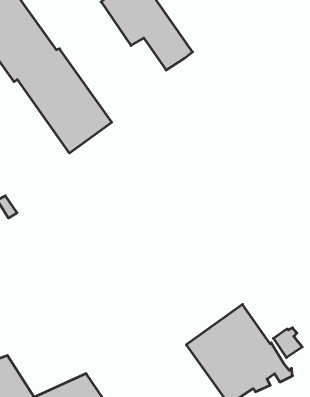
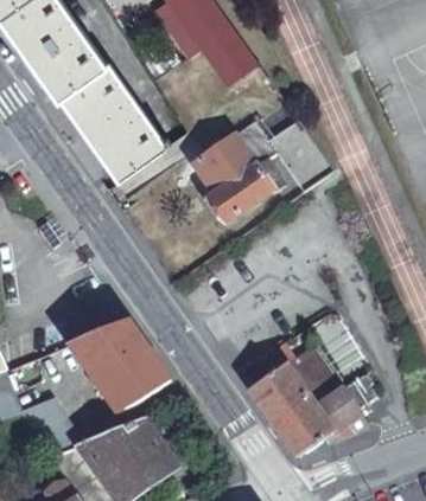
building: none -> [192,122,331,225]
building: none -> [64,320,164,412]

